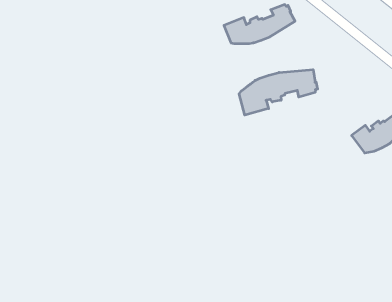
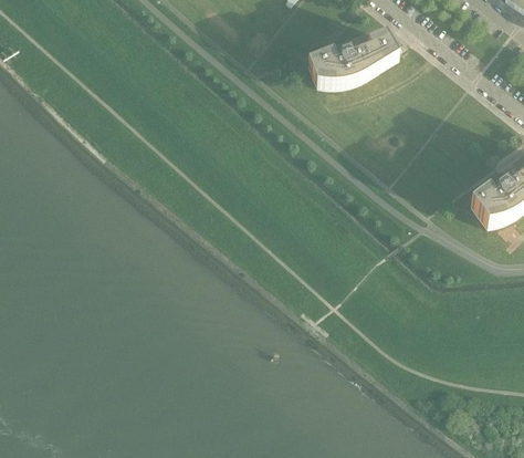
building: [239,70,318,115] -> none

